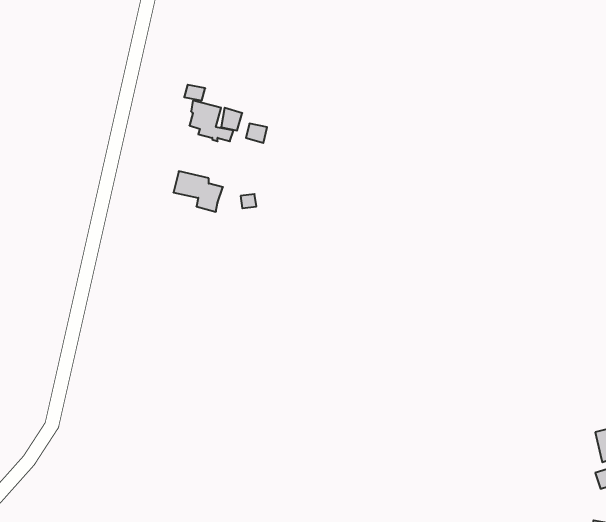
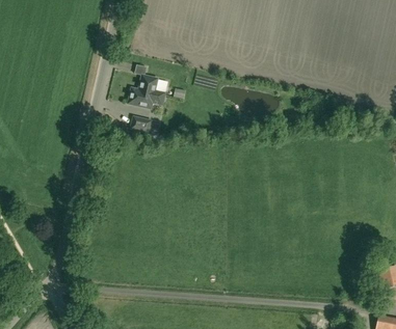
building: none -> [129,86,164,108]

